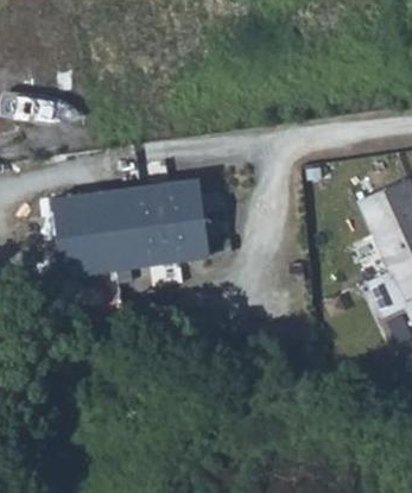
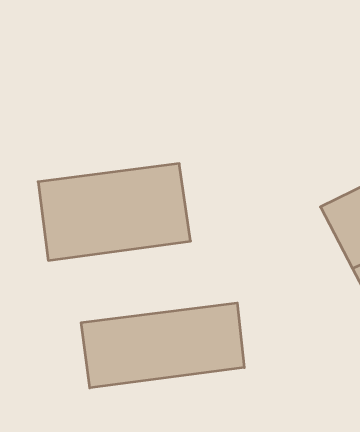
building: none -> [81,303,244,388]

